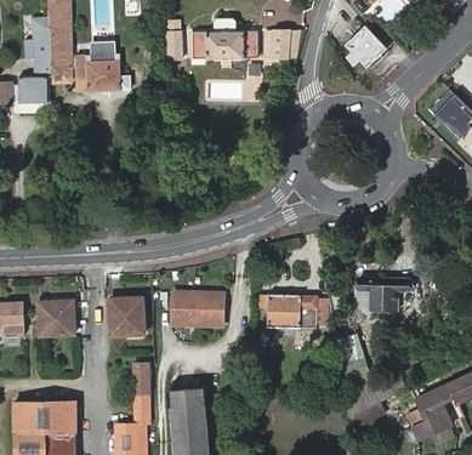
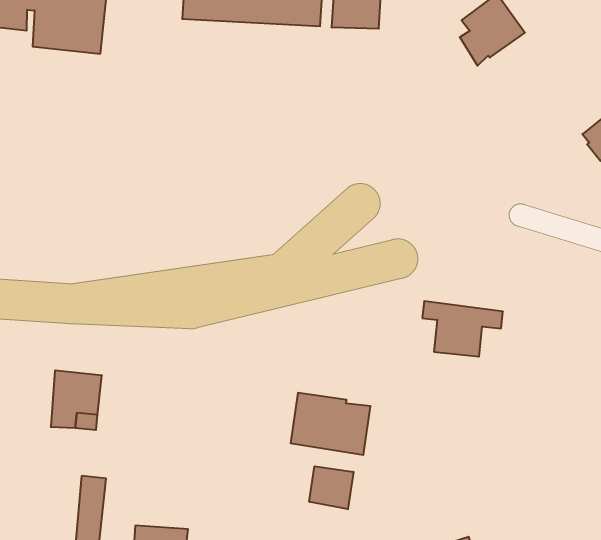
building: [357,278,408,309] -> [422,301,503,357]
building: [171,290,223,325] -> none
building: none -> [309,466,353,509]

